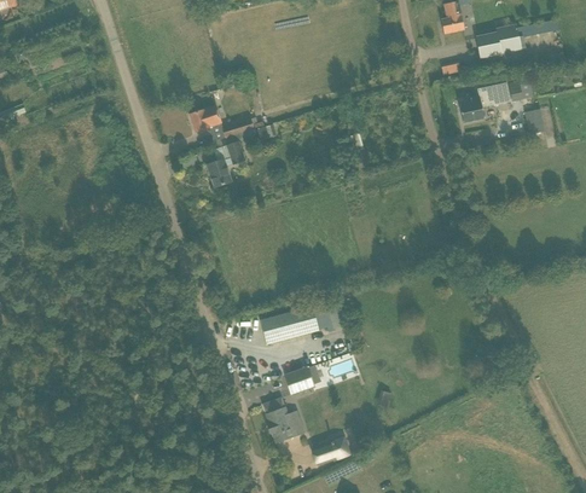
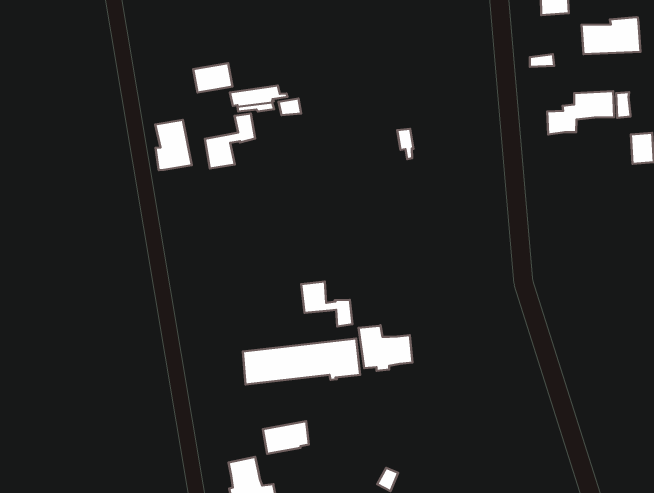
building: none -> [155,120,192,170]
building: none -> [301,281,353,326]
building: none -> [359,325,412,371]

